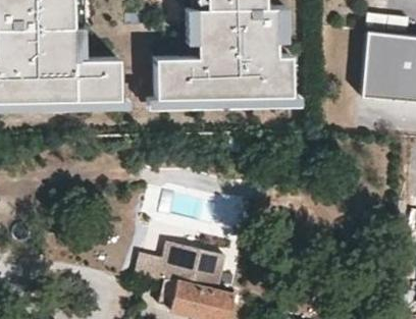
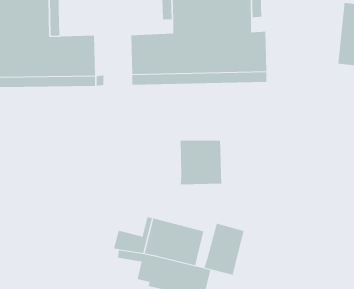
building: none -> [180,140,222,185]
building: none -> [204,223,244,275]

